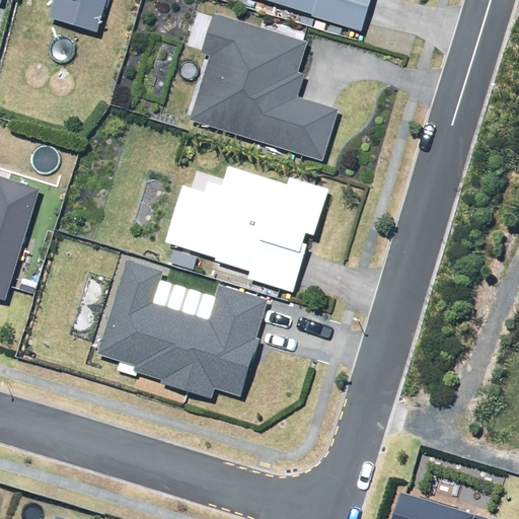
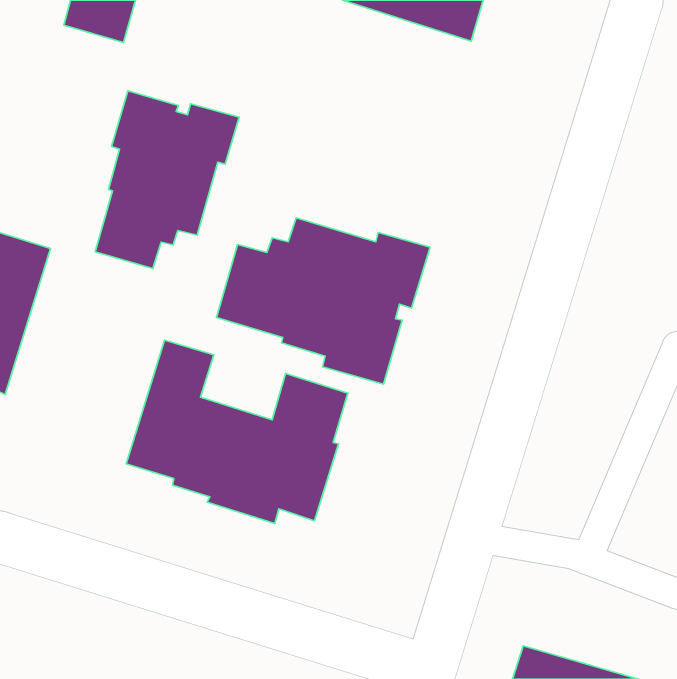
building: [190,13,338,160] -> none
building: none -> [95,91,239,269]

